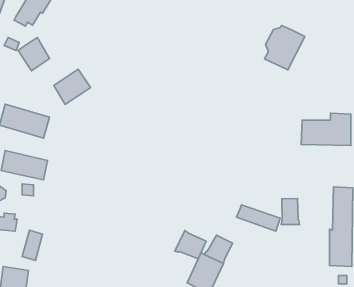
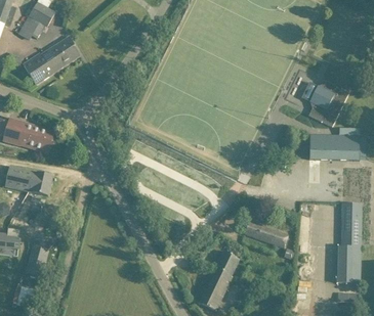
building: [264,25,305,70] -> [308,82,349,127]
building: [54,69,90,105] -> [43,37,80,73]
building: [281,199,299,225] -> none
building: [175,230,206,259] -> none

